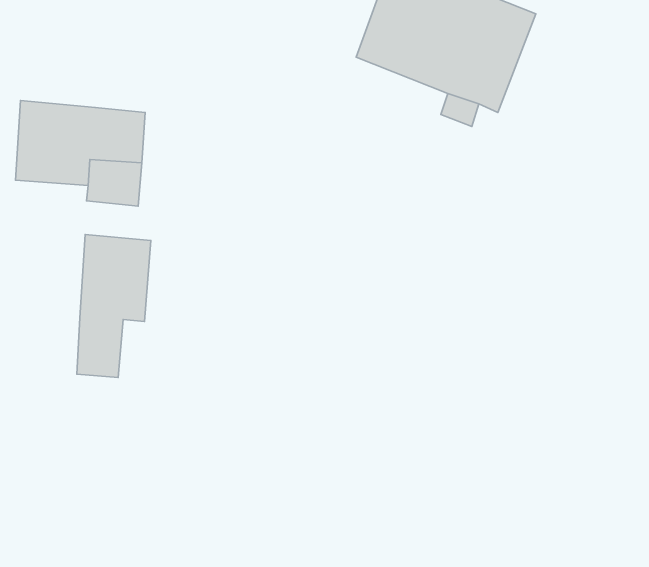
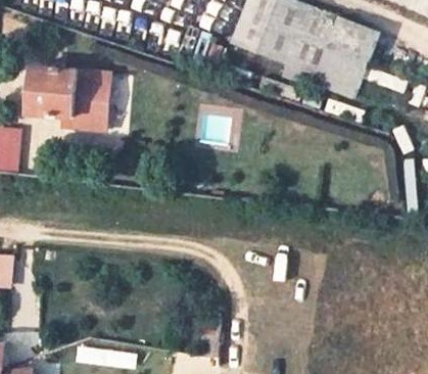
building: none -> [313,16,377,97]
building: [77,235,151,377] -> none

